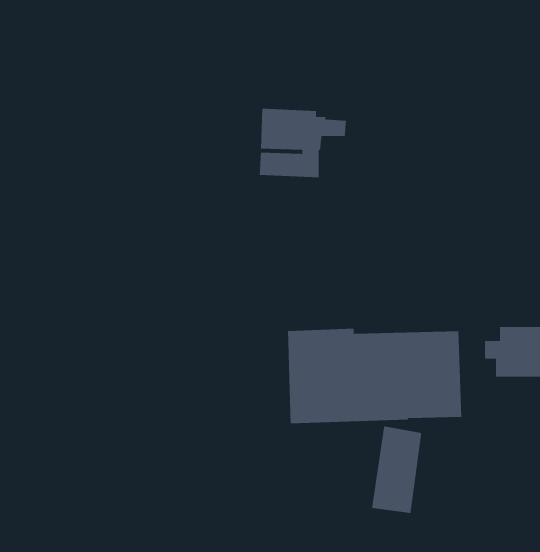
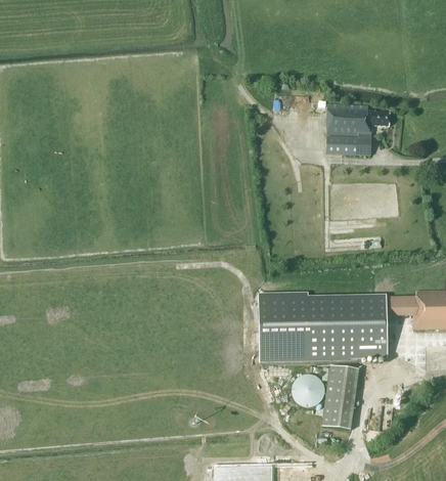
building: [259,108,347,178] -> [325,102,391,155]
building: none -> [292,373,324,405]

